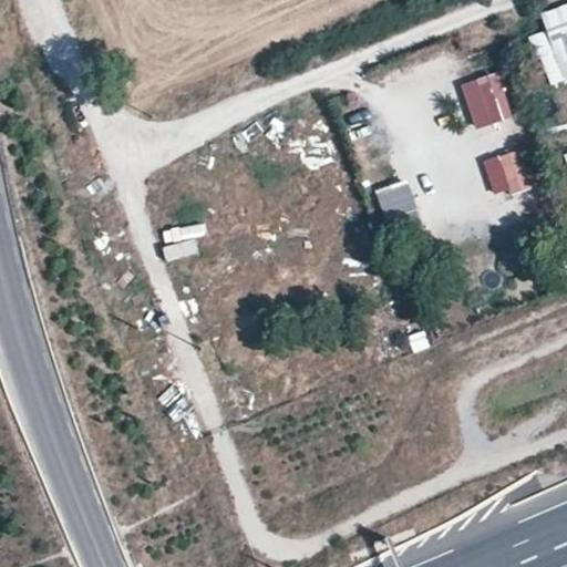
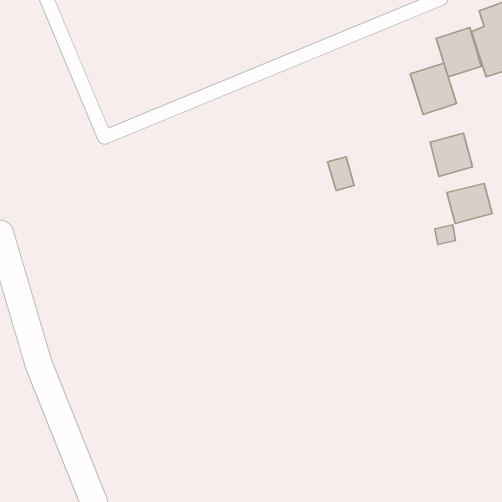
building: none -> [436,28,481,77]
building: none -> [447,184,492,223]

